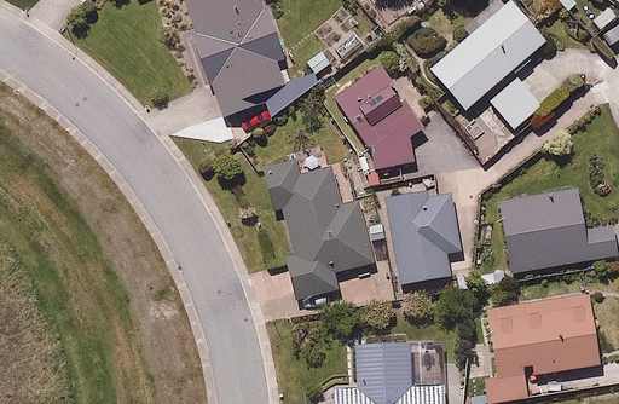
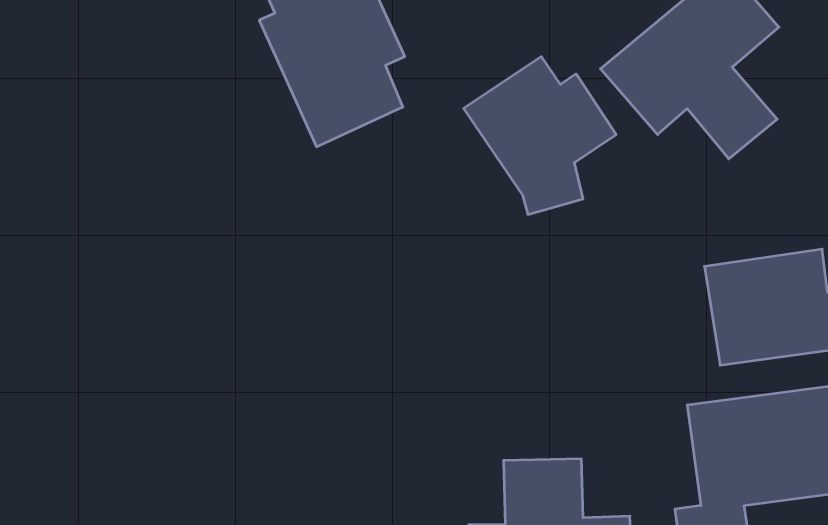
building: [264,165,376,298] -> none
building: [378,190,461,288] -> none

